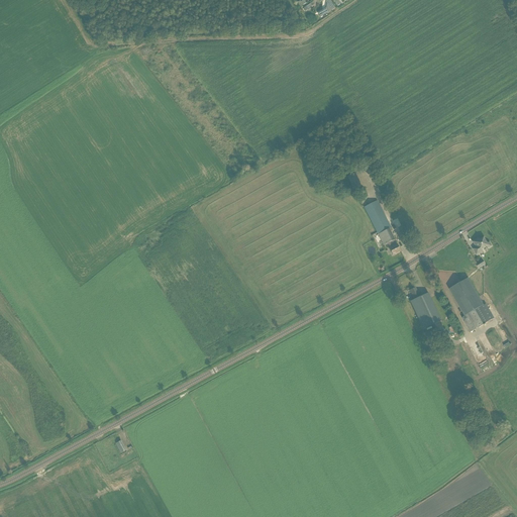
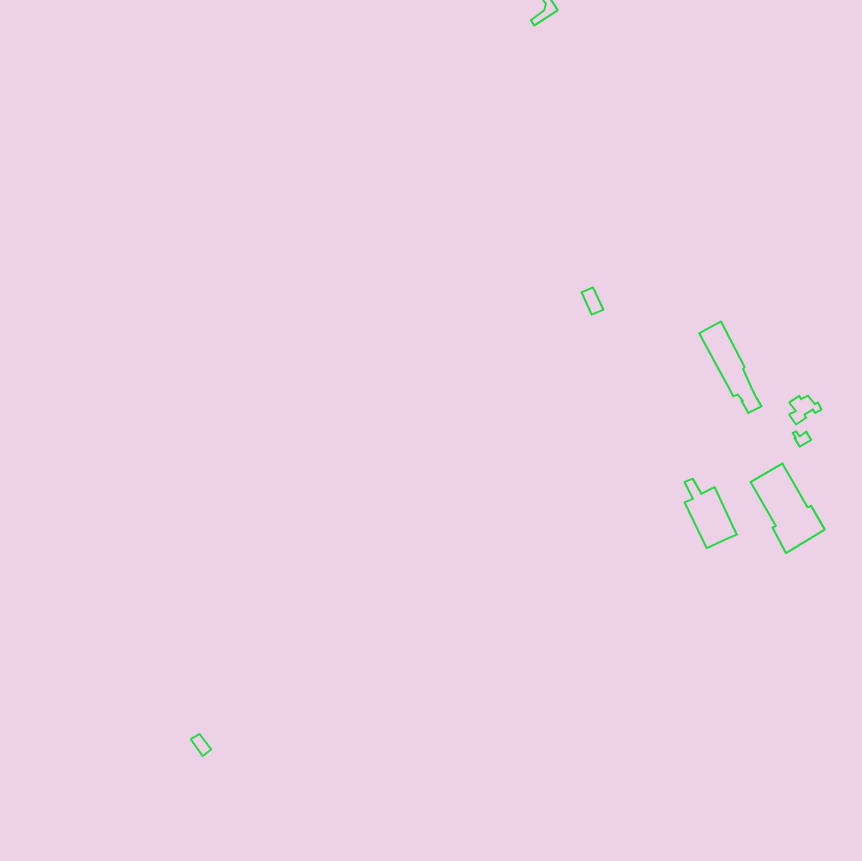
building: [363,199,400,253] -> [699,322,762,413]

